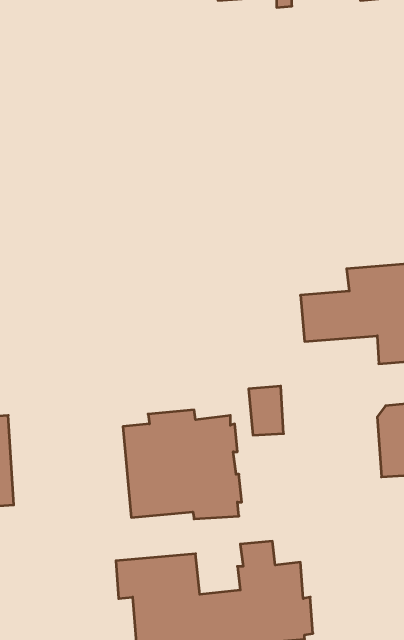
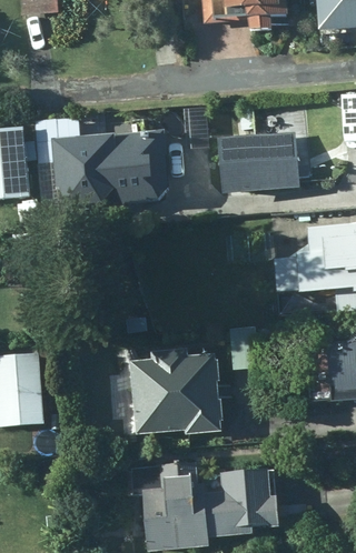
building: none -> [55,131,171,211]
building: none -> [220,131,301,193]

